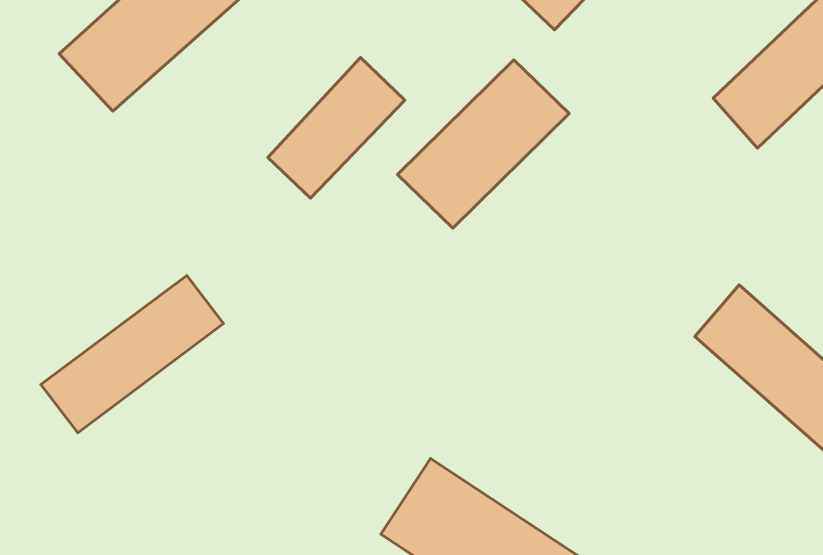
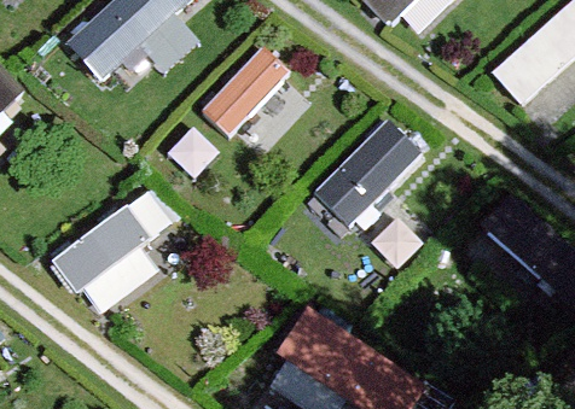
building: [397,60,569,228] -> [313,118,425,228]

